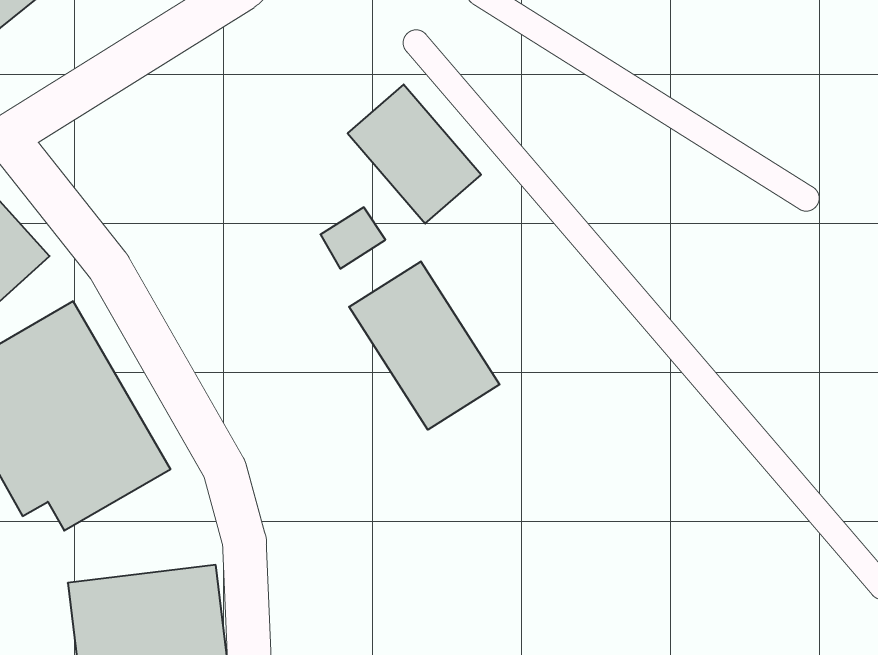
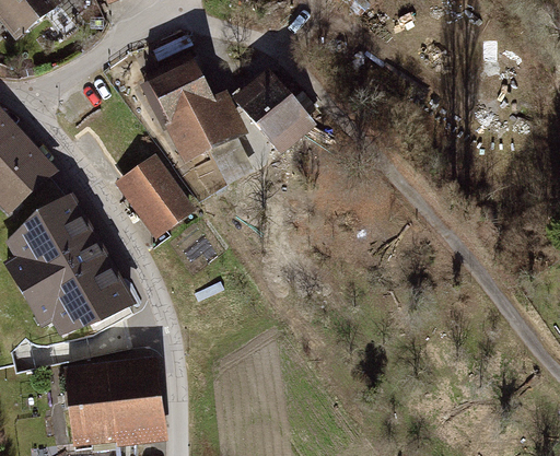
building: none -> [151,58,252,166]
building: none -> [120,155,191,232]
building: [349,261,500,430] -> none

